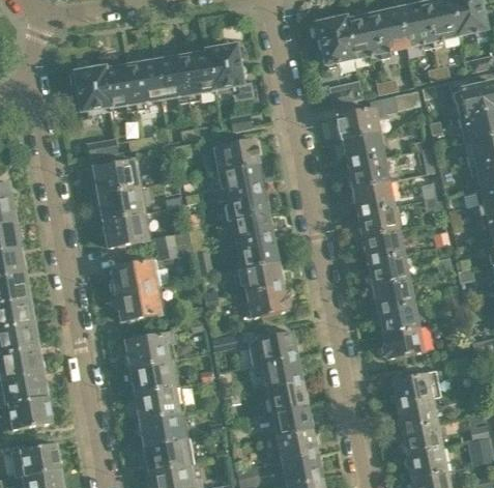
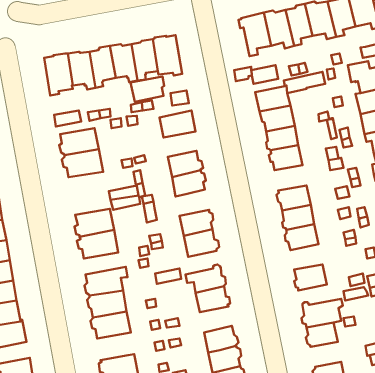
building: [221,164,262,195] -> [131,77,164,102]
building: [356,205,397,236] -> none
building: [100,213,150,247] -> none
building: [235,235,279,267] -> none
building: [376,303,416,334] -> none
building: [265,379,308,411] -> none
building: [136,411,191,446] -> none
building: [401,423,439,454] -> none

